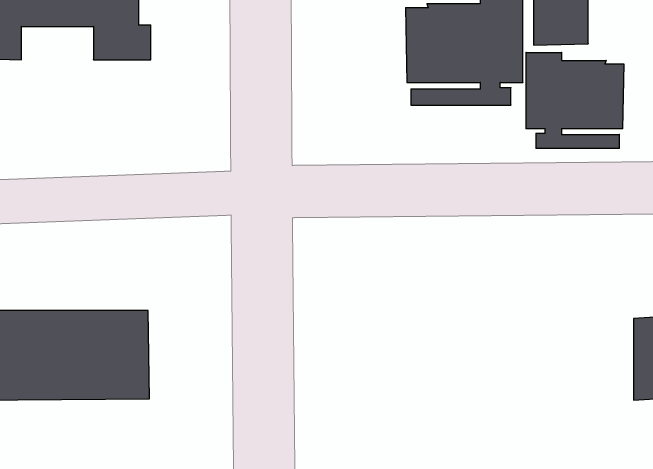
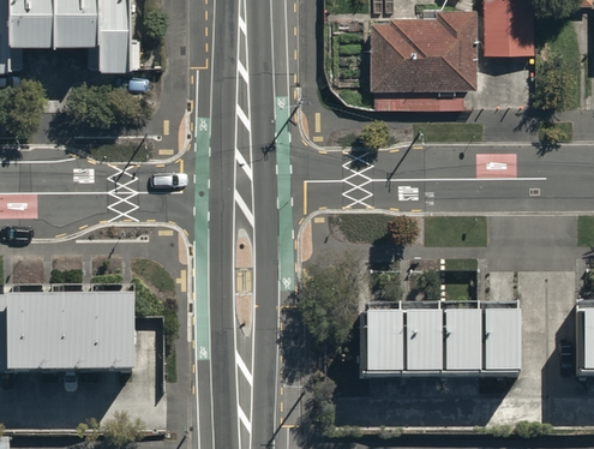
building: [526,52,624,148] -> none
building: none -> [365,304,518,377]

